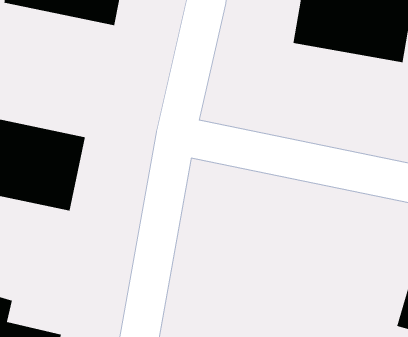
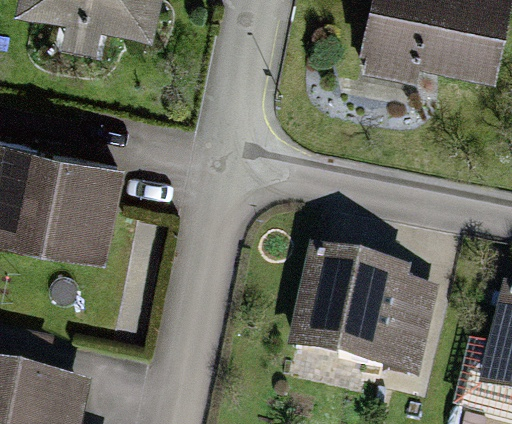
building: none -> [290,256,434,378]

